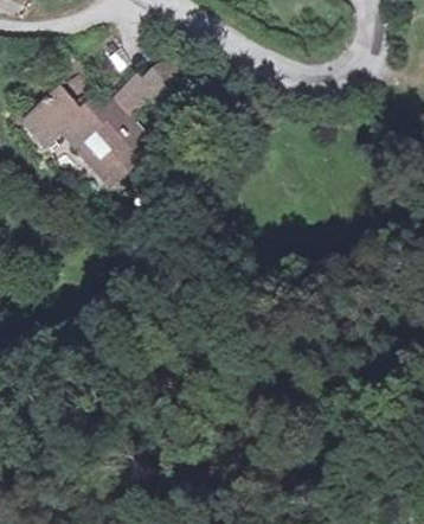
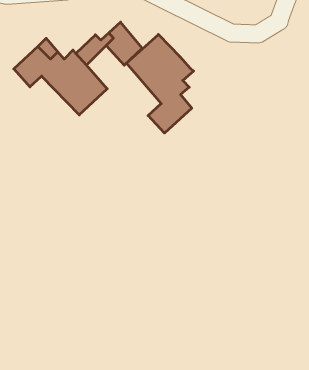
building: none -> [127,34,194,133]

